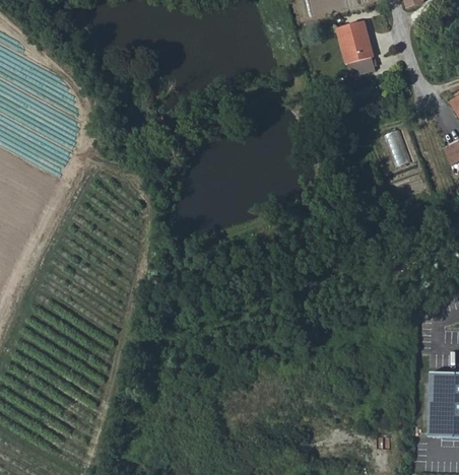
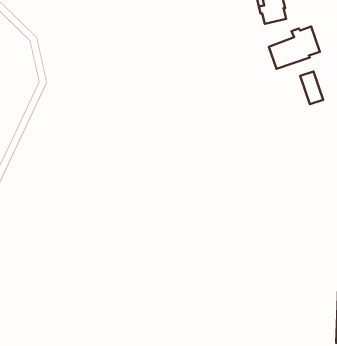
building: none -> [269,27,320,69]

